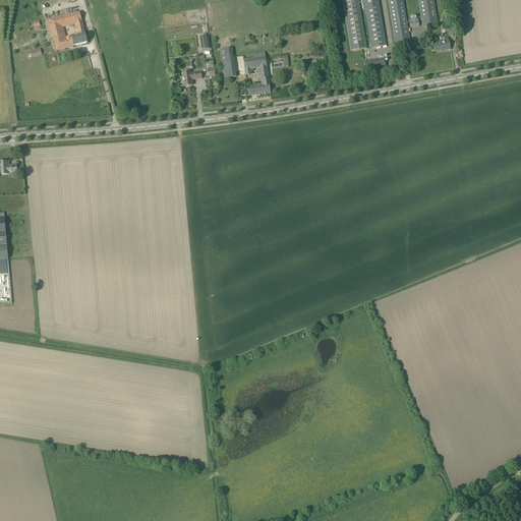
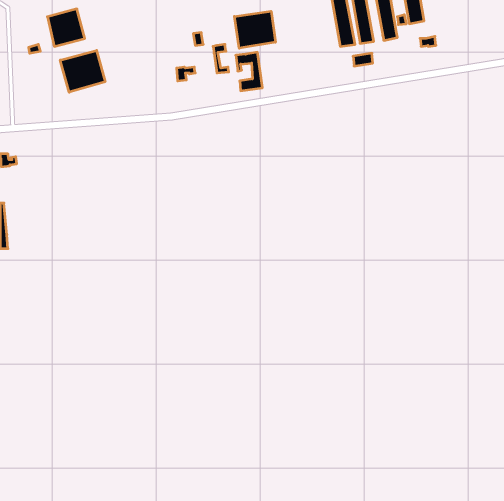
building: none -> [234,11,275,48]
building: none -> [60,50,105,92]

